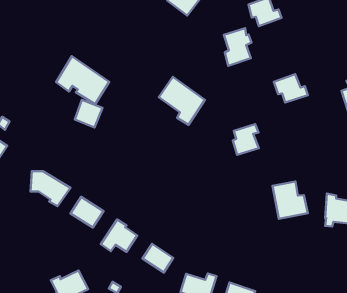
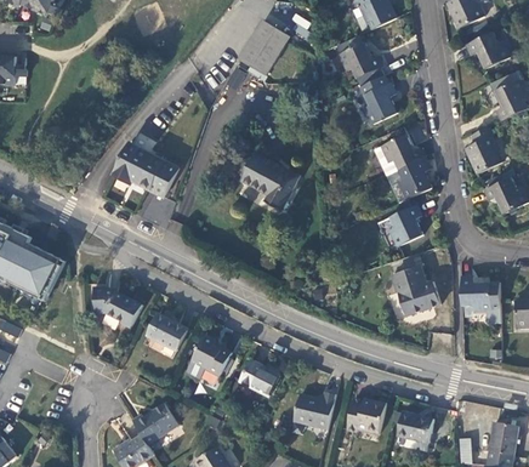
building: [224,28,251,66] -> [359,75,396,124]
building: none -> [397,158,431,199]
building: [233,124,259,155] -> [388,205,421,245]

